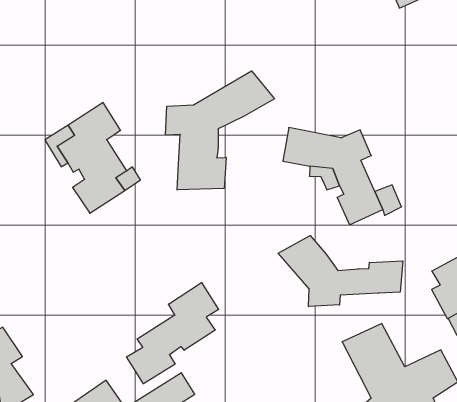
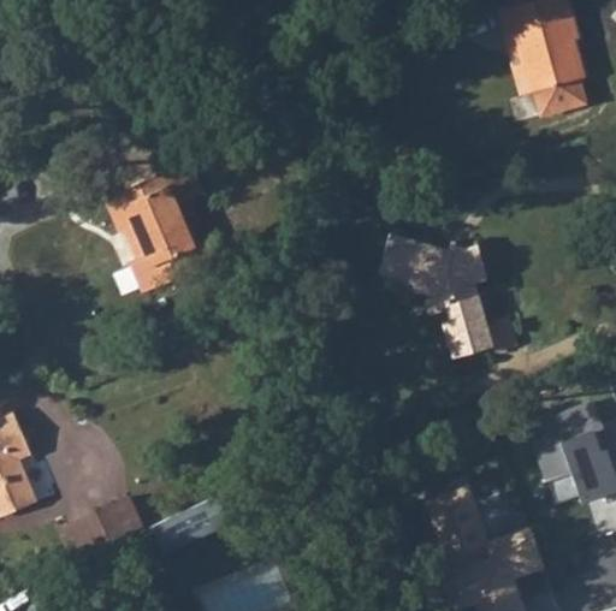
building: [166,71,274,190] -> none
building: [278,236,403,307] -> none
building: [126,283,219,384] -> none

